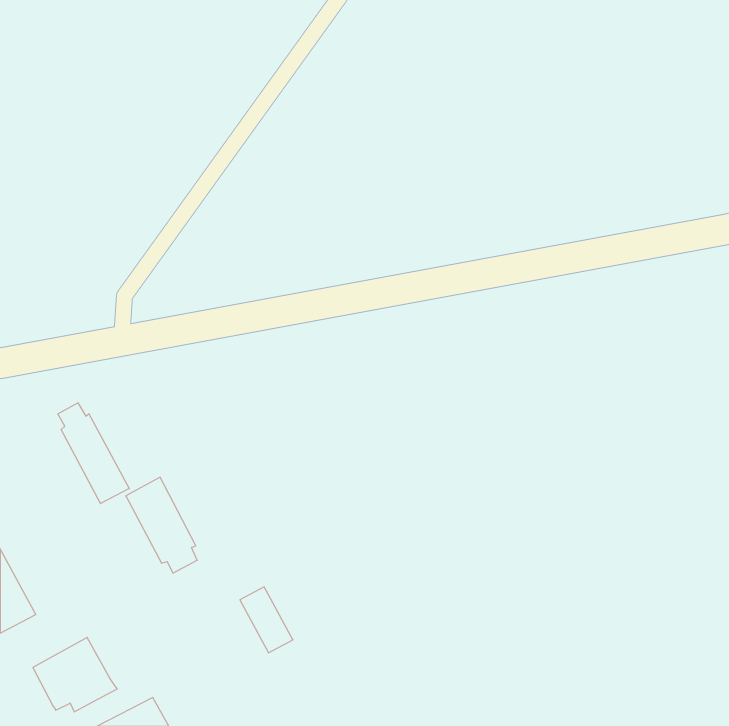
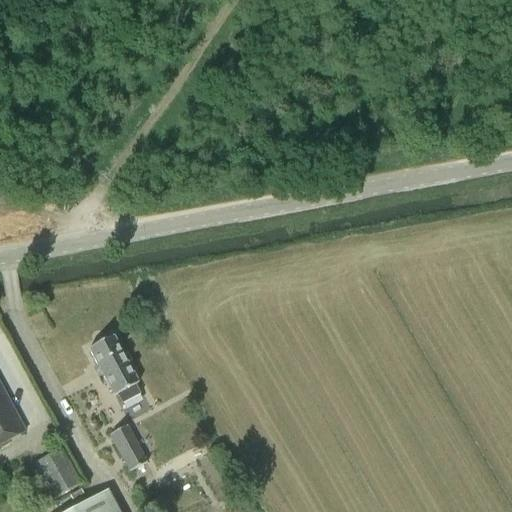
building: [58,403,129,504] -> none
building: [240,587,293,653] -> [110,424,147,470]

